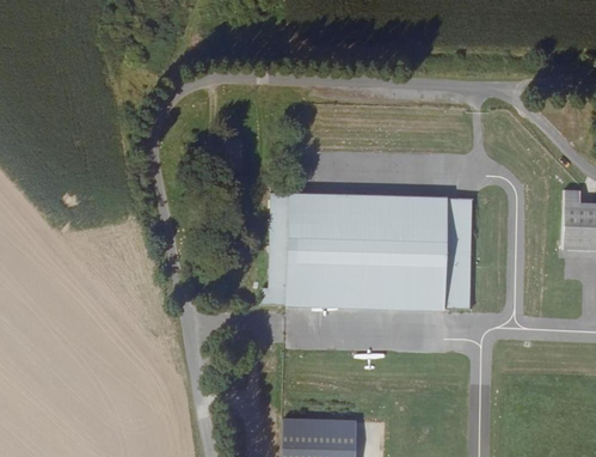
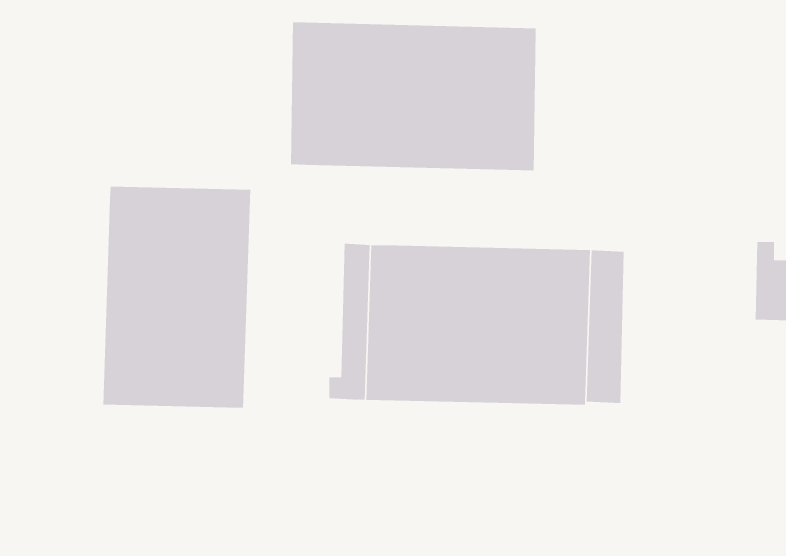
building: none -> [290,22,536,171]
building: none -> [103,186,251,409]

